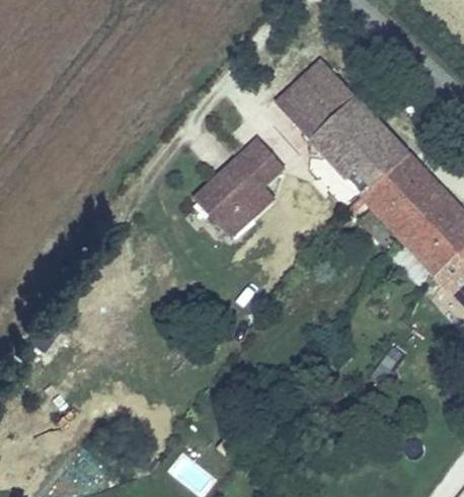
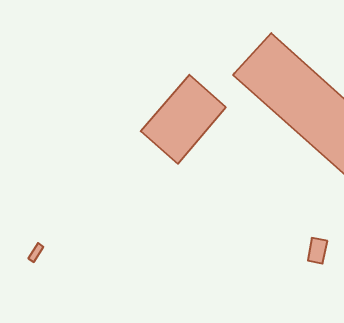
building: [275,57,358,139] -> none

